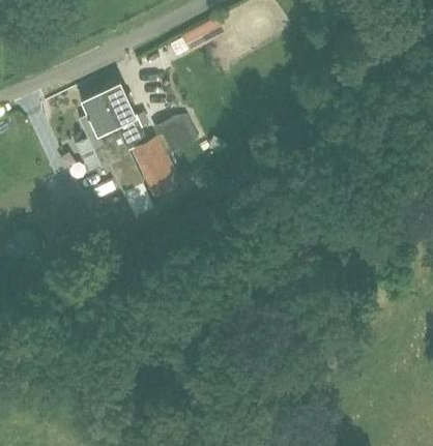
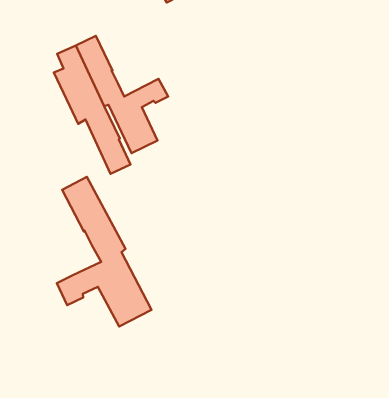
building: none -> [57,177,152,327]

